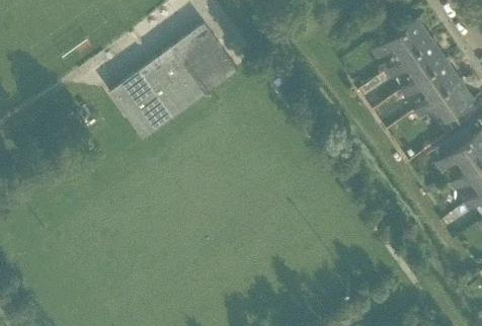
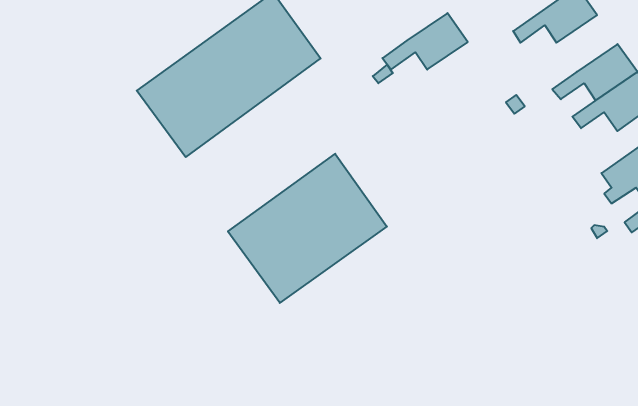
building: [386,38,446,78] -> [382,13,468,70]
building: none -> [228,154,387,303]

